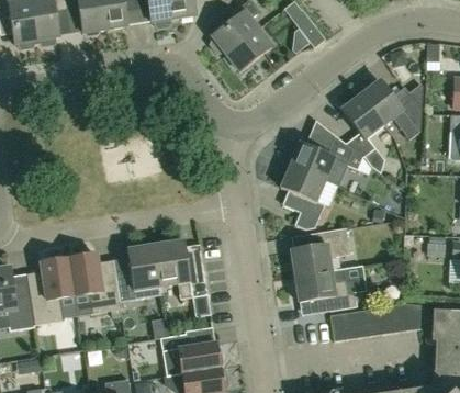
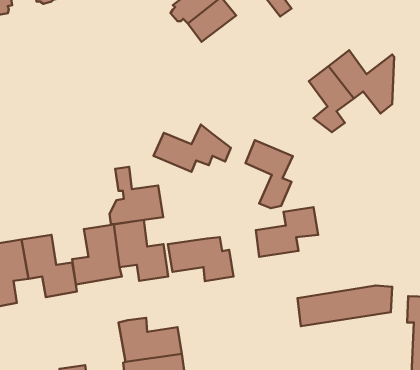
building: [290,134,363,179] -> [153,125,231,172]
building: none -> [110,167,163,224]
building: [294,268,357,310] -> [168,237,234,281]

